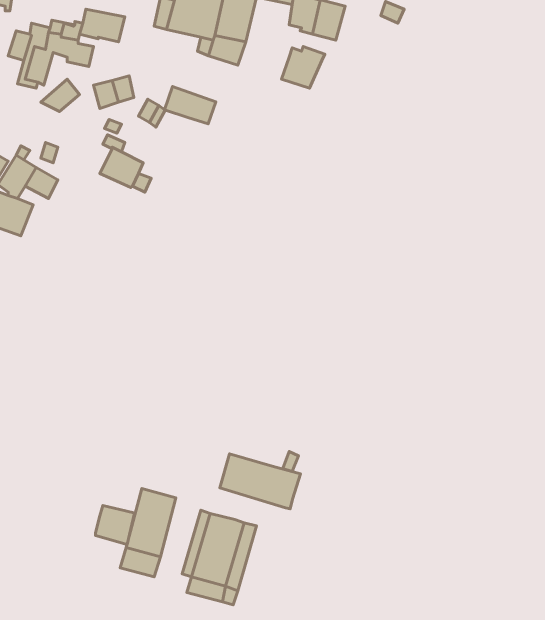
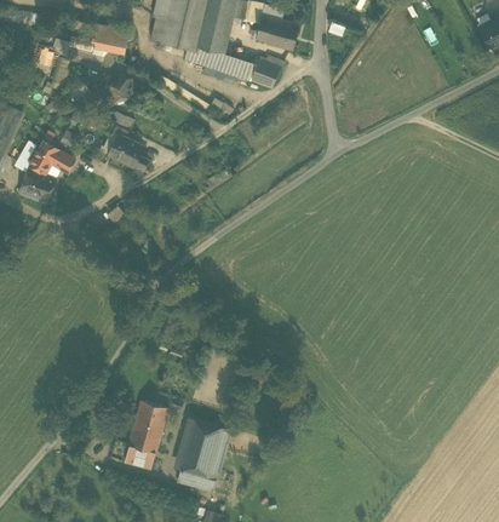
building: [165,86,216,124] -> [216,52,256,81]
building: [220,454,300,509] -> none
building: [95,505,135,545] -> none

